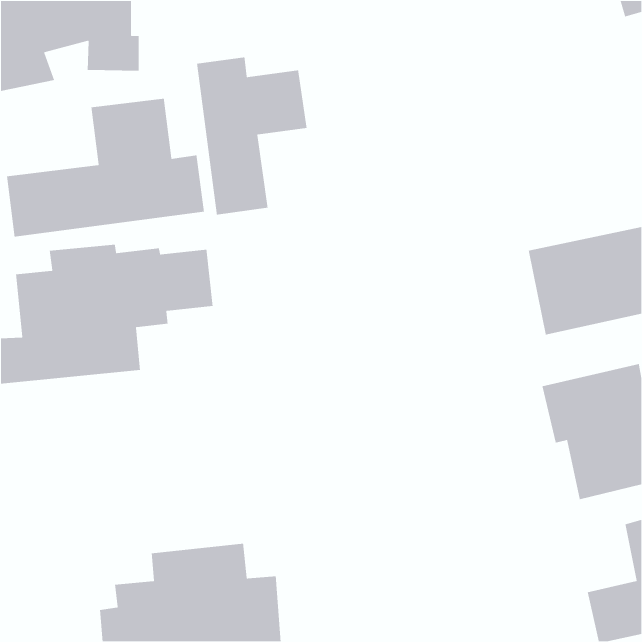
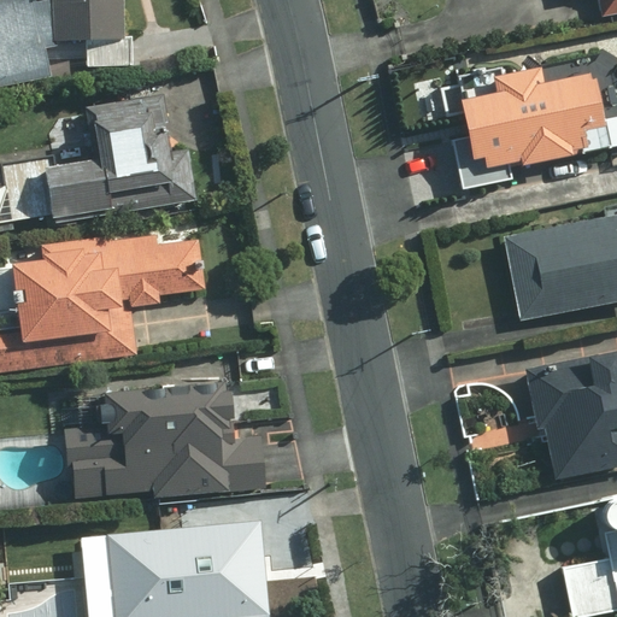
building: [196,56,307,215] -> none
building: none -> [449,65,611,190]
building: none -> [69,389,270,500]

